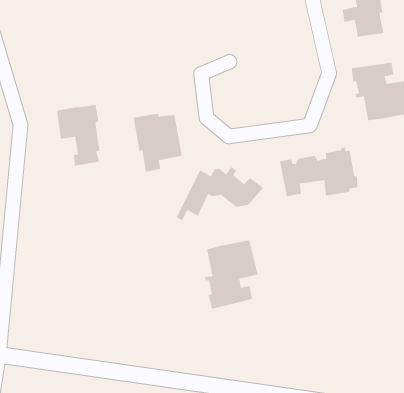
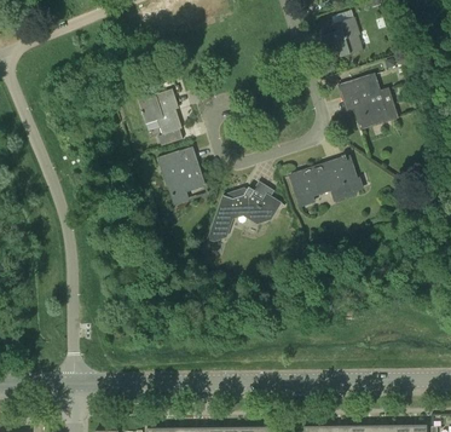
building: [56,104,100,166] -> [138,88,183,145]
building: [205,239,258,309] -> none

